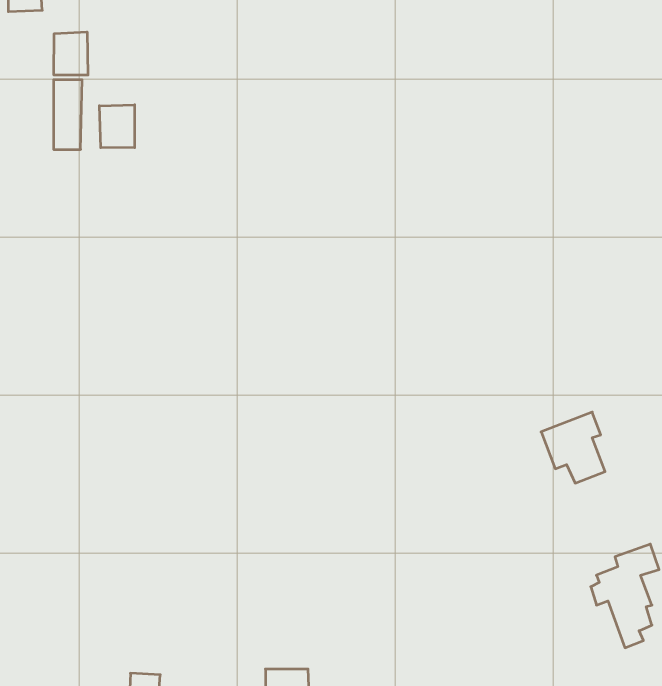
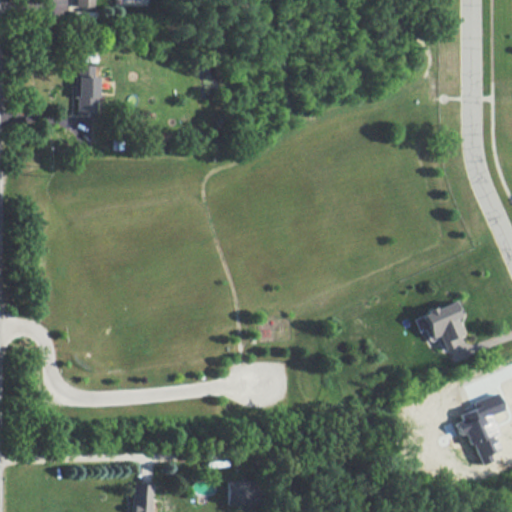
building: [54,32,88,75] -> none
building: [99,105,135,148] -> none

